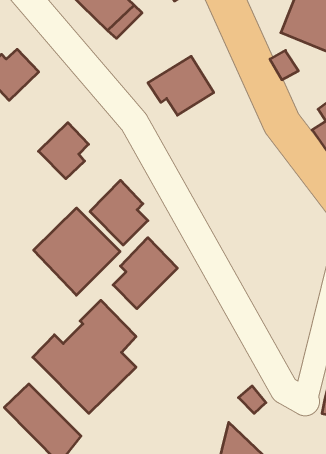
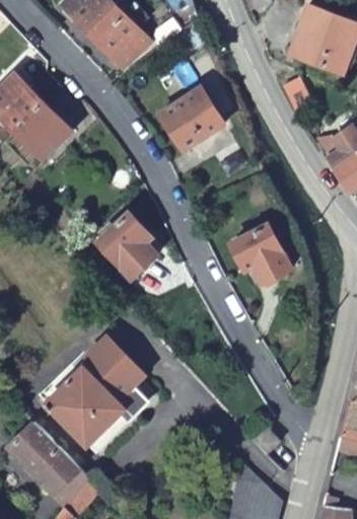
building: [38,123,89,179] -> [13,101,65,159]
building: none -> [228,223,290,283]
building: [34,208,120,295] -> none
building: [113,238,177,309] -> none

